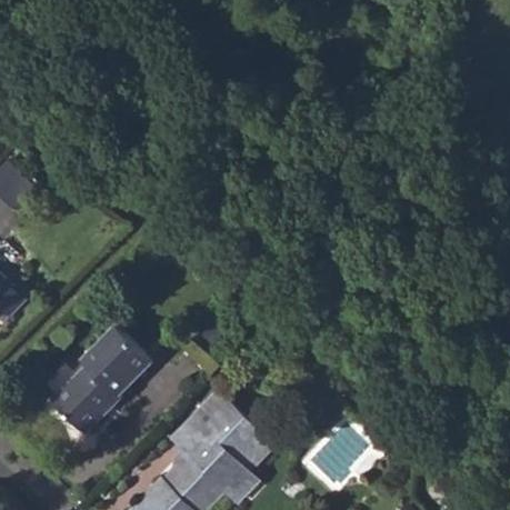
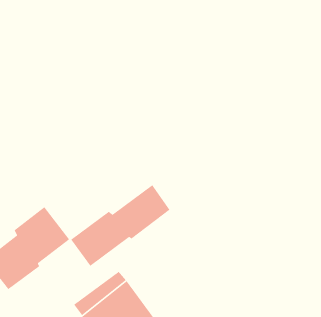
building: none -> [70,184,171,267]

